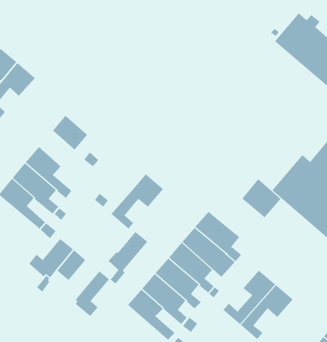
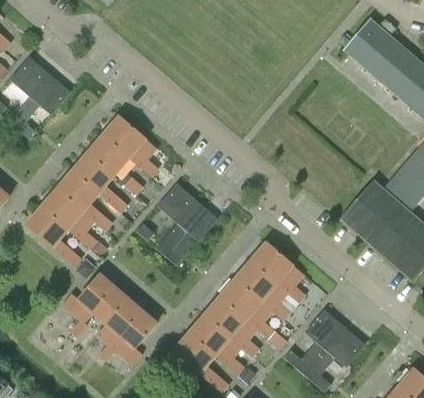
building: none -> [104,116,159,176]
building: none -> [74,152,128,212]
building: none -> [159,185,196,222]
building: [242,178,281,218] -> none
building: [108,231,148,285] -> [97,300,143,361]

